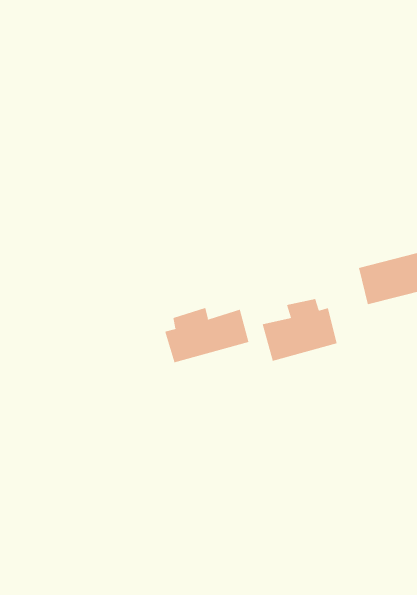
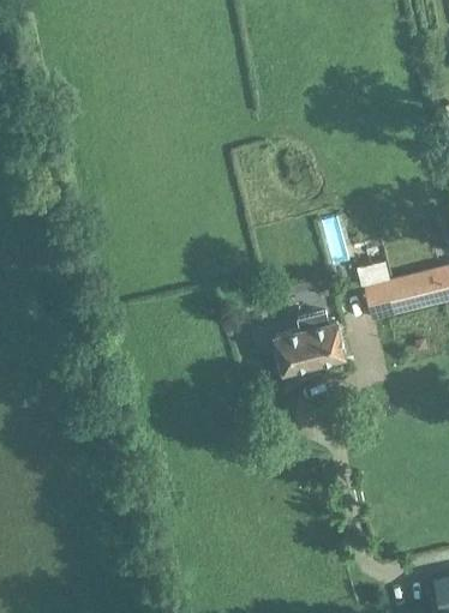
building: [165,307,249,363] -> none

